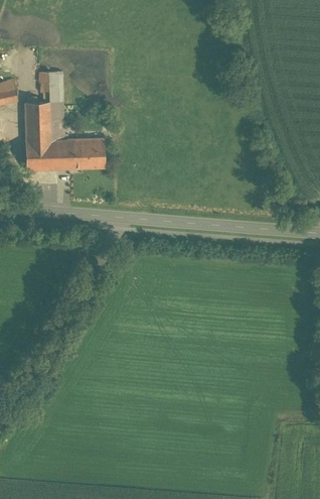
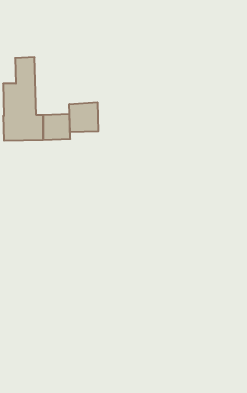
building: none -> [69,102,98,132]

